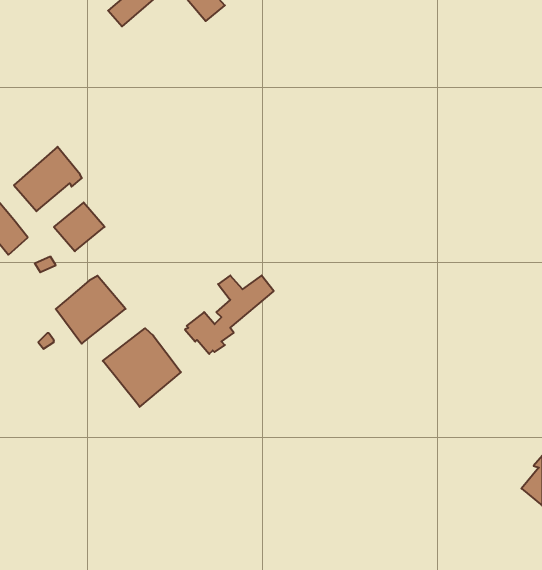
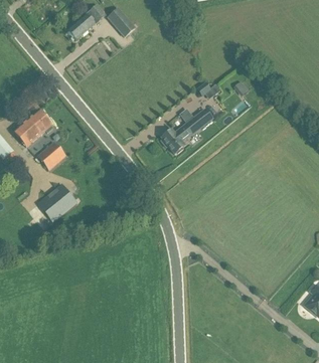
building: [185,275,274,354] -> [160,109,211,154]
building: [103,328,181,407] -> none

